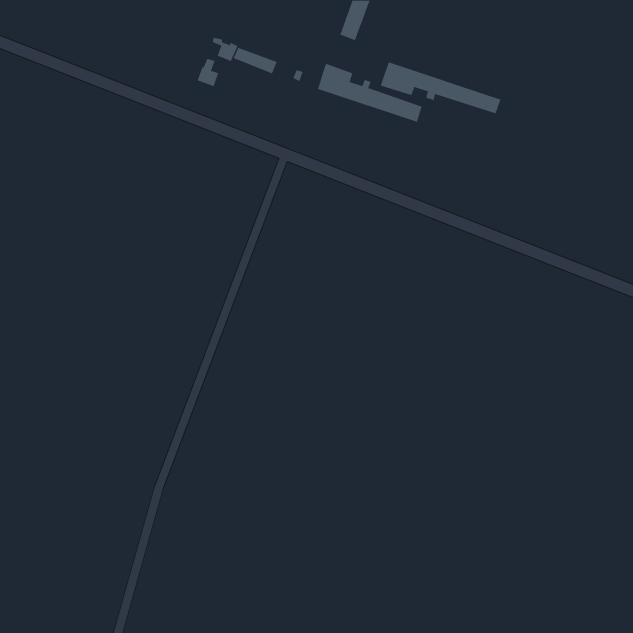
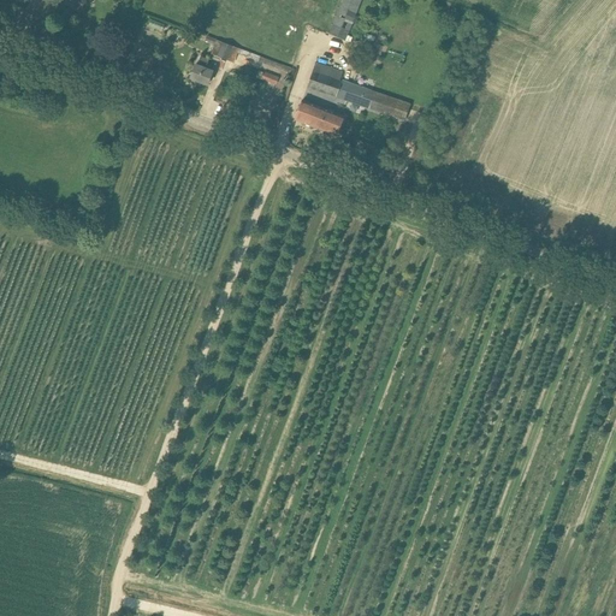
building: [380,62,501,114] -> none
building: none -> [295,100,344,136]

